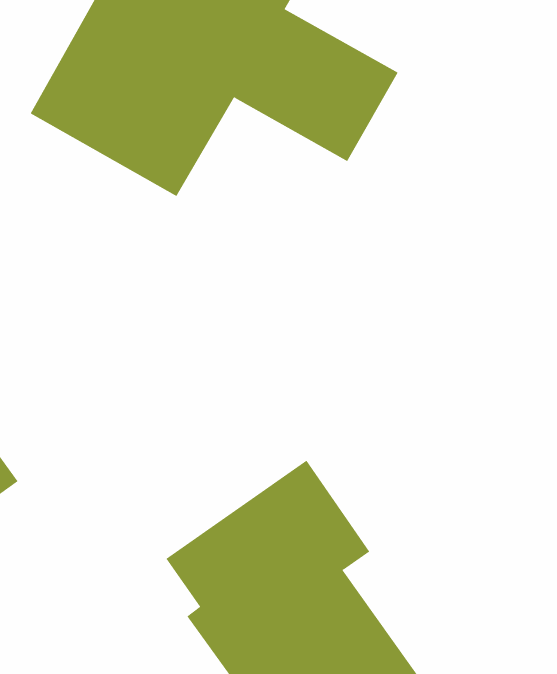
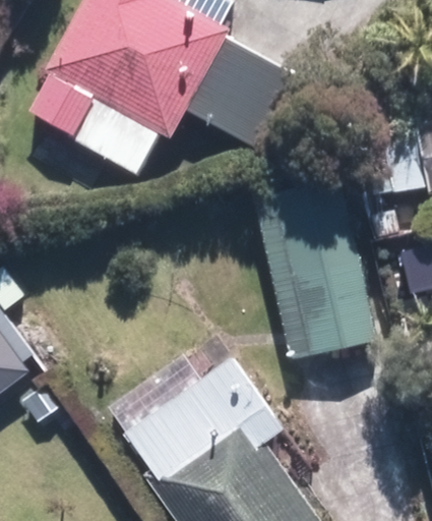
building: none -> [252,176,377,358]

